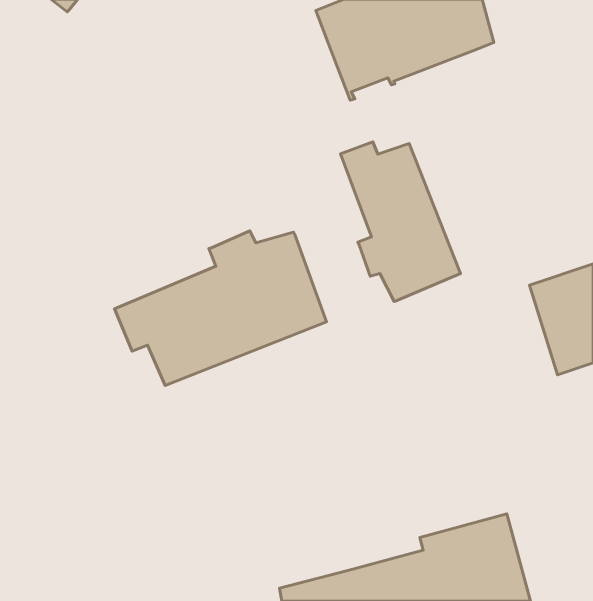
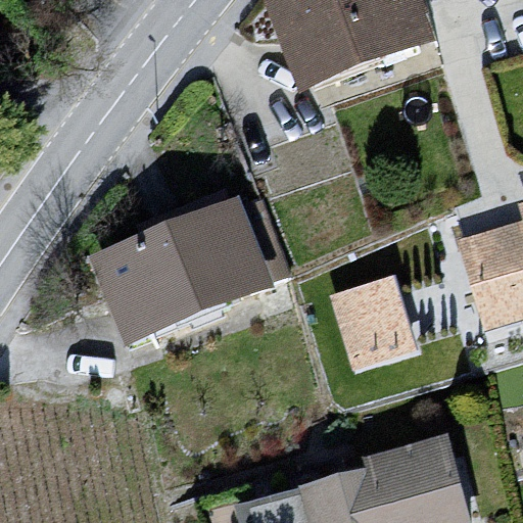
building: [340,142,460,301] -> none
building: none -> [333,286,405,365]

